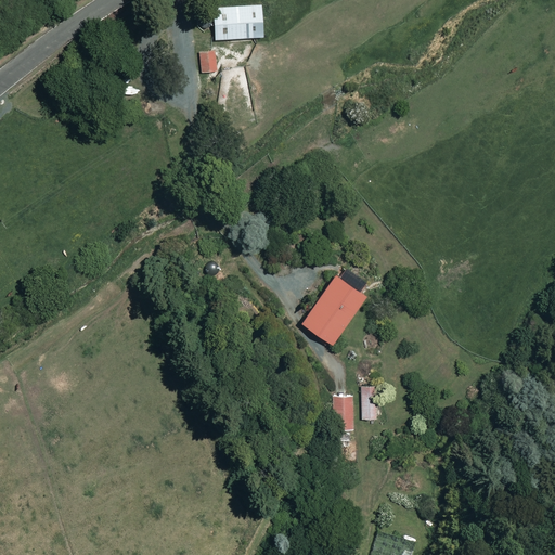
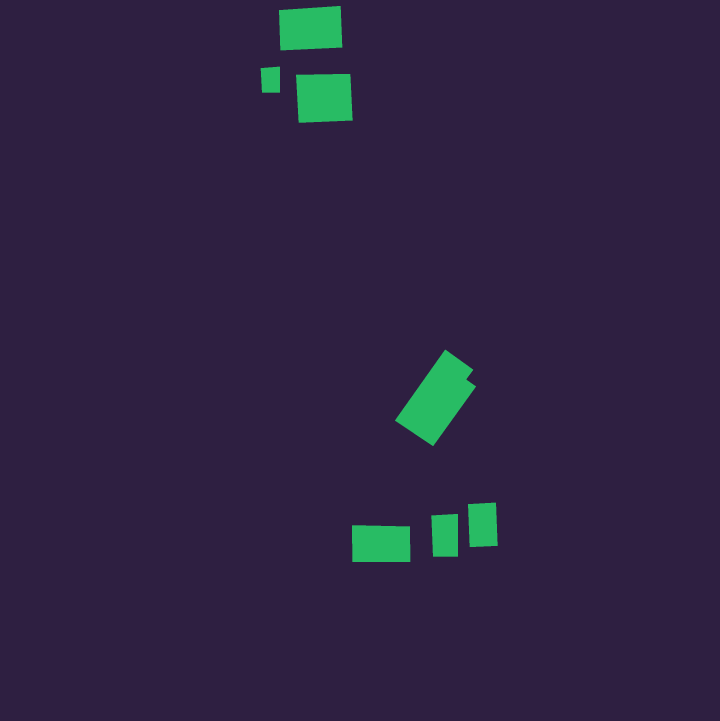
building: none -> [295,73,353,124]
building: none -> [351,525,411,563]

